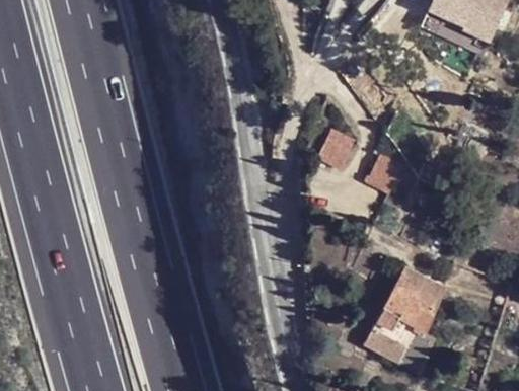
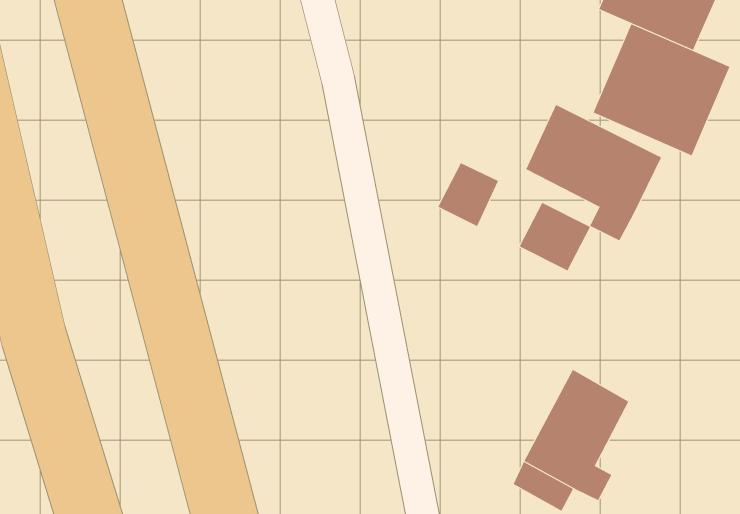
building: none -> [593,23,730,156]
building: none -> [525,104,662,241]

